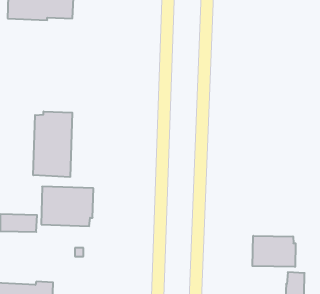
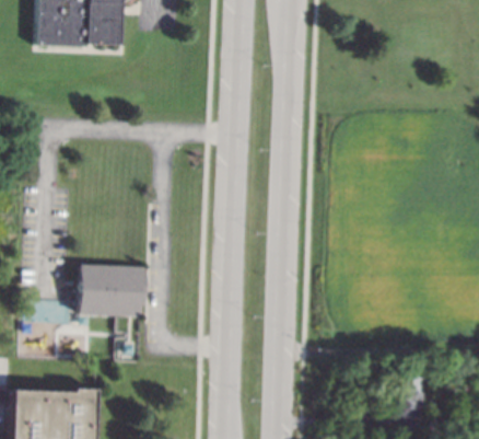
building: [33,111,72,177] -> none
building: [252,236,296,267] -> none

